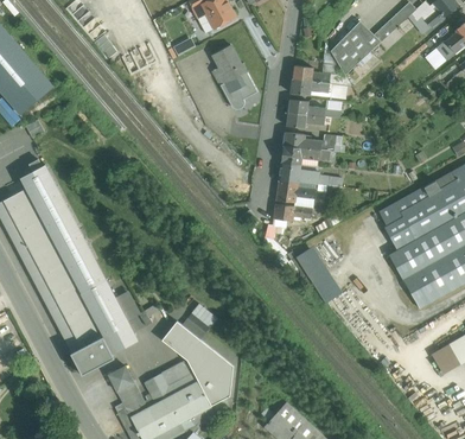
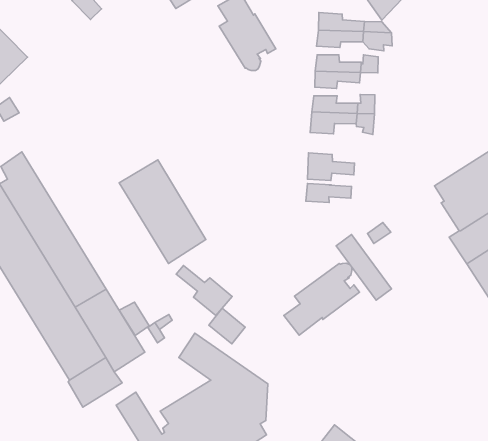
building: [279,163,323,184] -> none
building: none -> [119,160,206,263]
building: none -> [176,265,232,316]
building: none -> [284,263,360,335]

